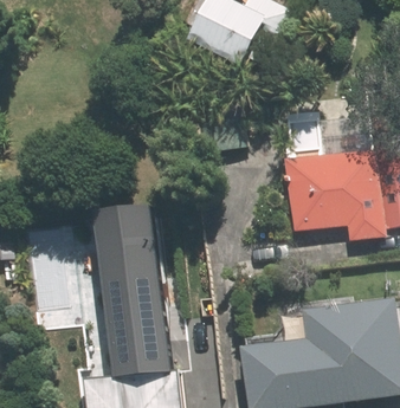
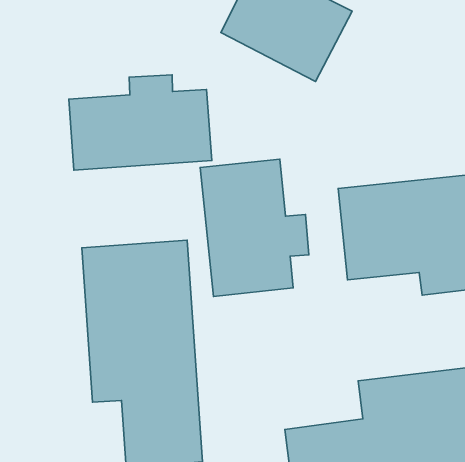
building: none -> [69,75,212,170]
building: none -> [200,159,309,296]

